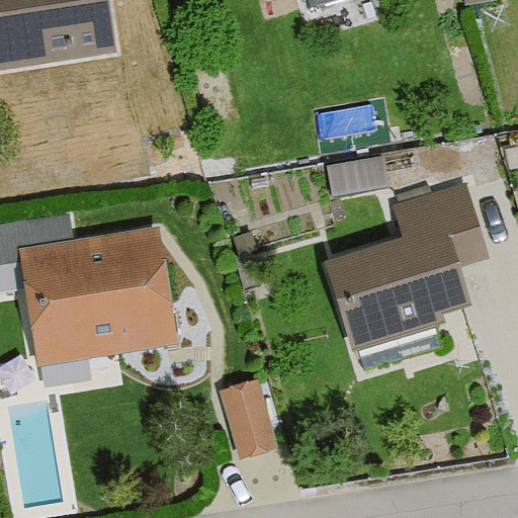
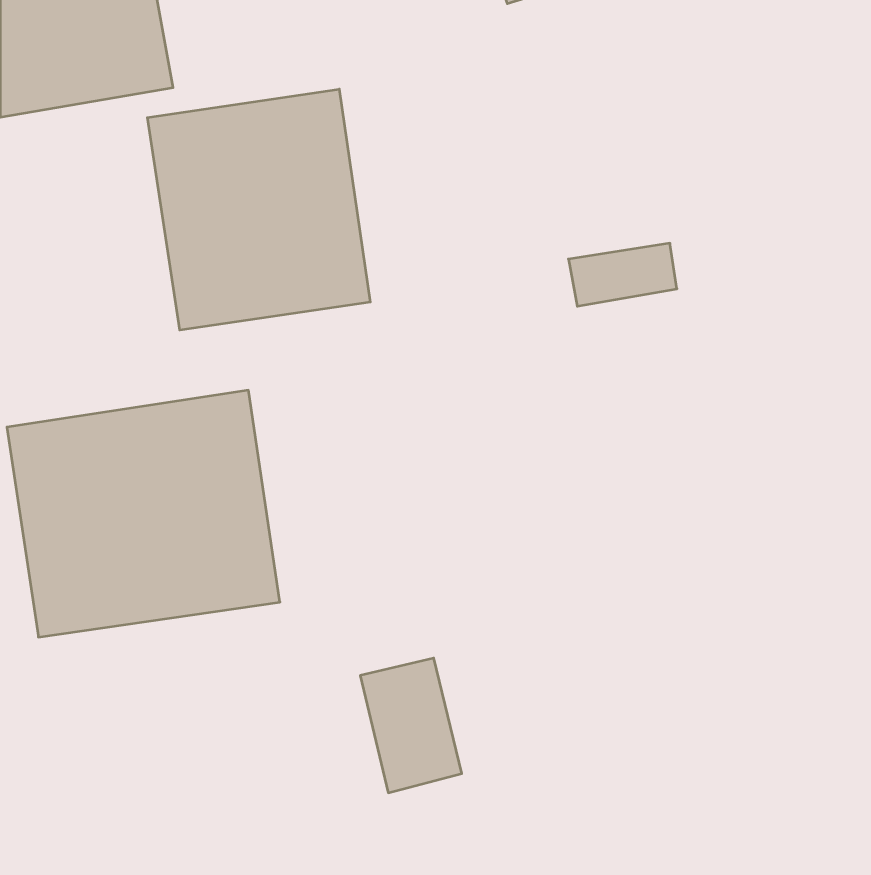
building: none -> [147,89,370,330]
building: [329,180,487,344] -> none

